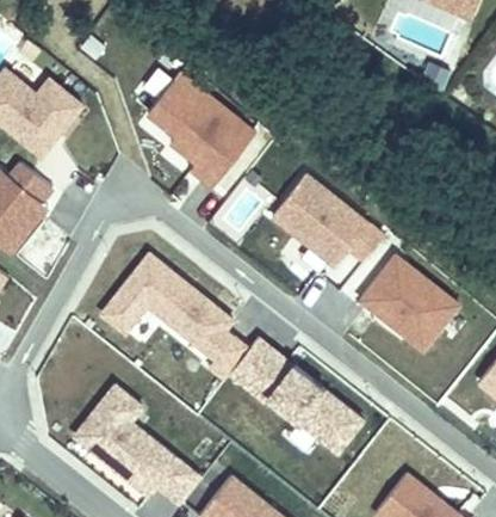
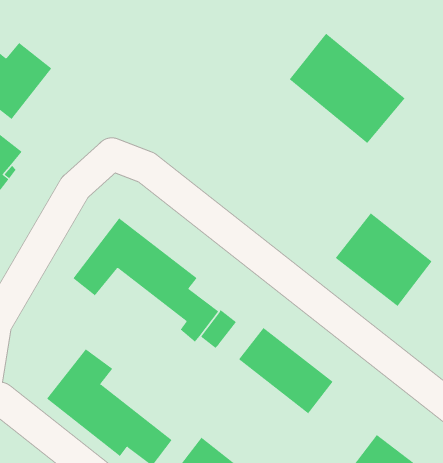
building: [144,73,253,187] -> none
building: [280,161,397,272] -> [289,33,406,144]
building: [247,338,291,398] -> none

